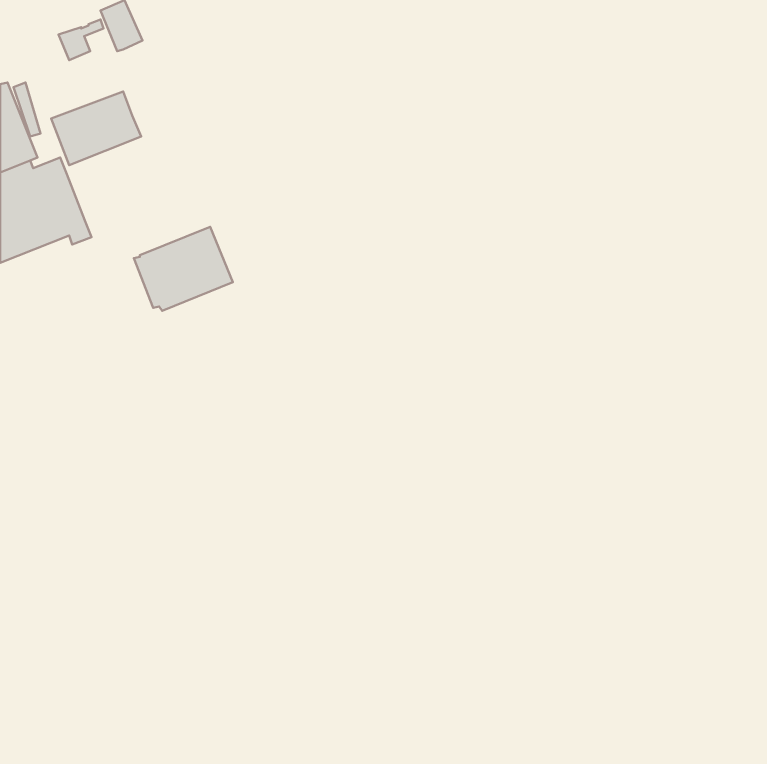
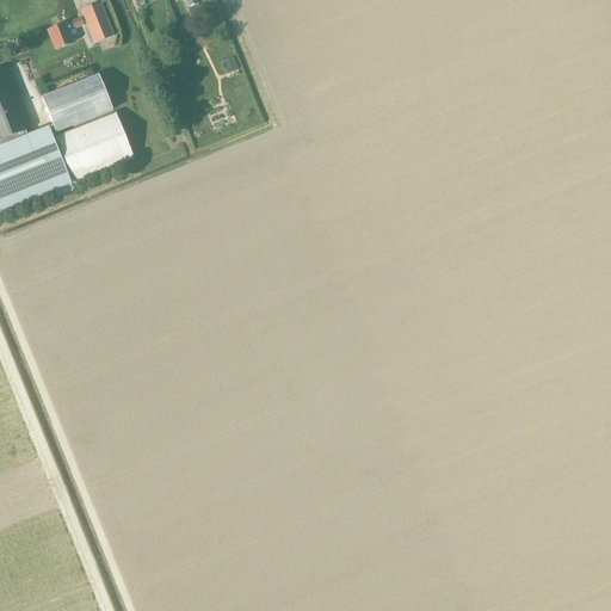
building: [134,227,233,311] -> [53,112,131,179]

